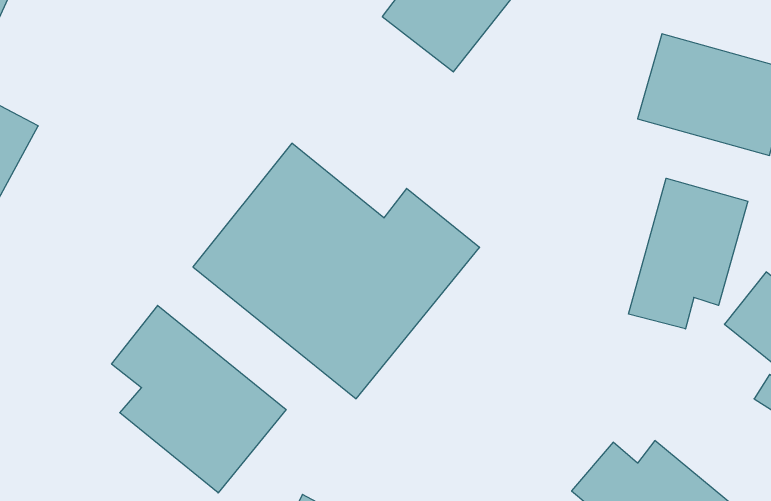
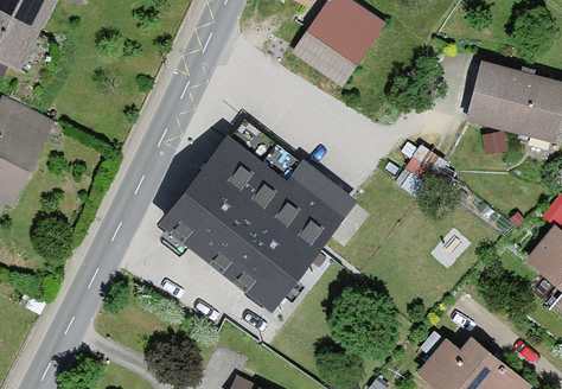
building: [629,178,748,329] -> none
building: [112,305,286,493] -> none

